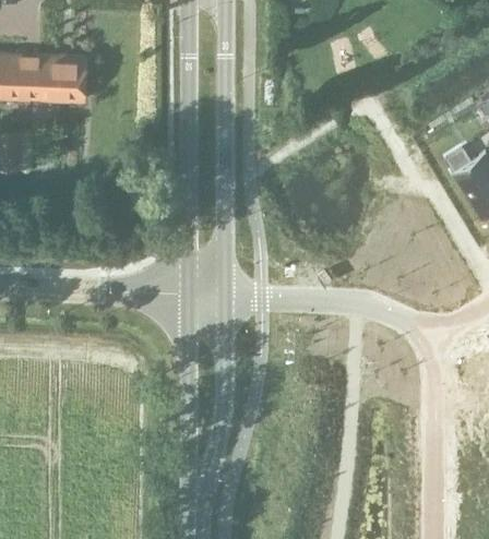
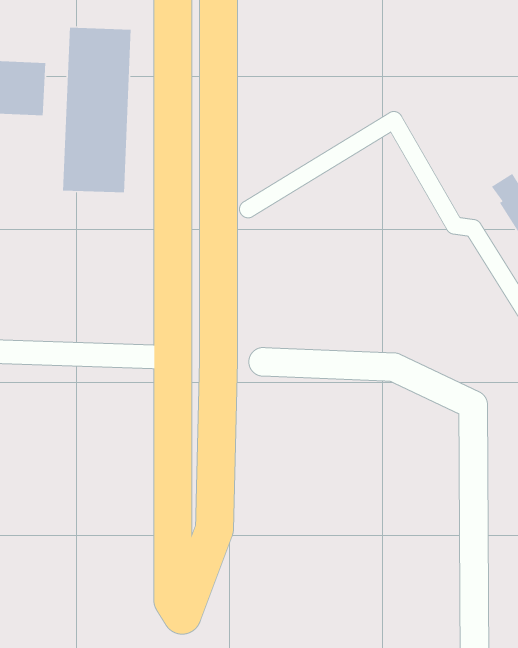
building: none -> [62,27,132,193]

